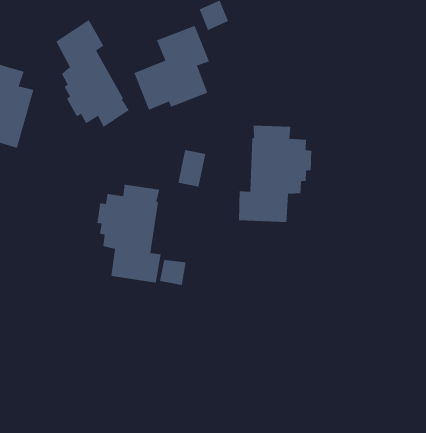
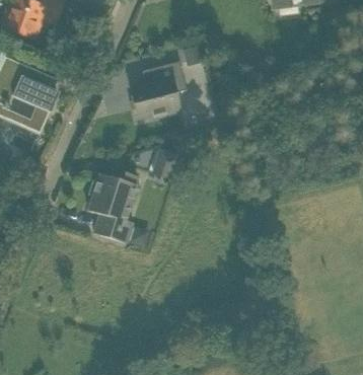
building: [55,19,130,128] -> none
building: [239,125,312,223] -> none

